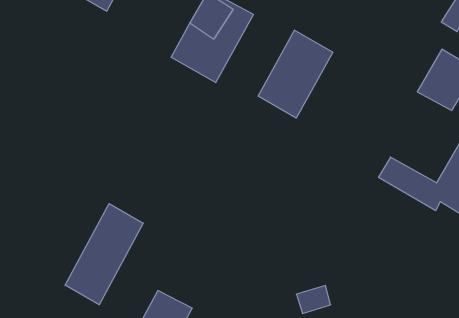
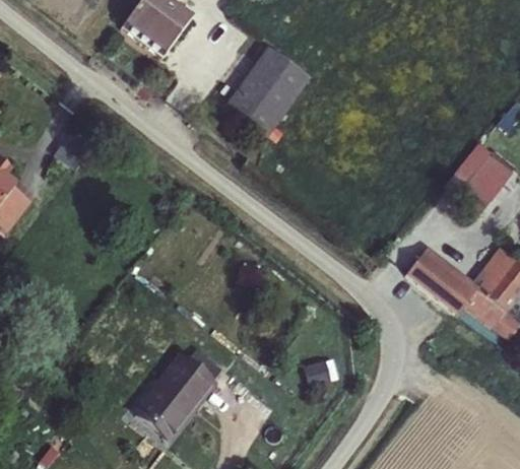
building: [258,30,333,118] -> none
building: [65,204,143,305] -> none

